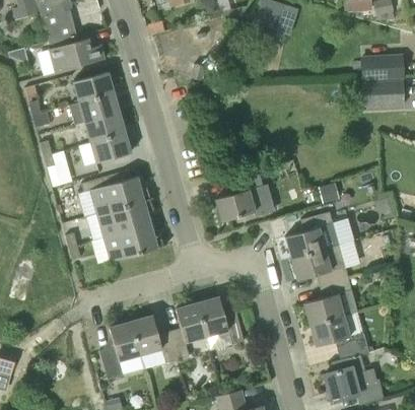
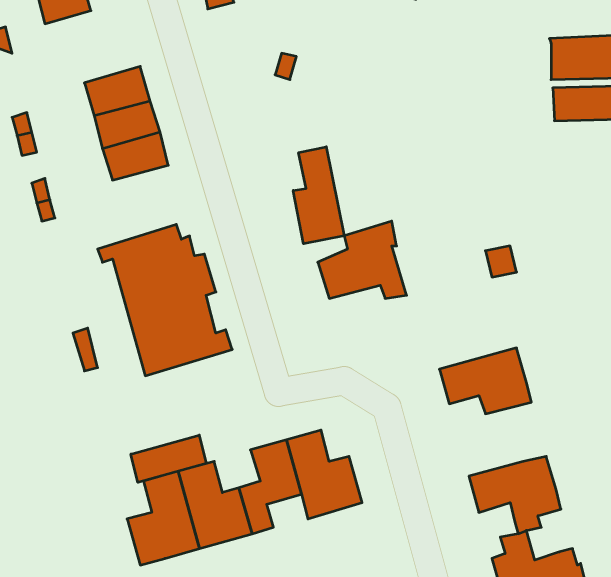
building: [49,38,105,72] -> none
building: none -> [293,147,344,244]
building: [90,132,131,162] -> none
building: [286,211,340,258] -> none
building: [304,278,351,324] -> none
building: none -> [131,435,206,482]

